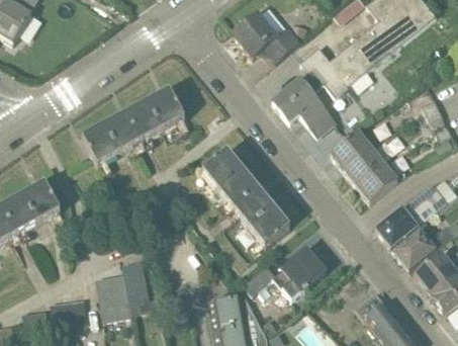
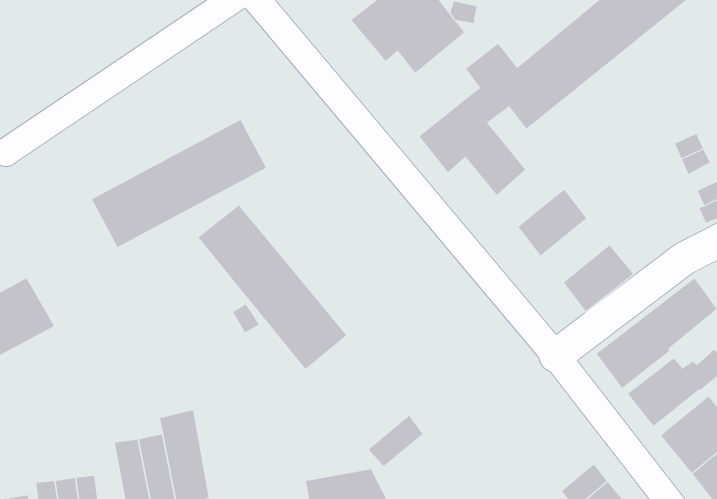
building: [344,149,384,186] -> none
building: [203,152,290,248] -> [197,205,347,370]
building: [281,248,327,300] -> none

